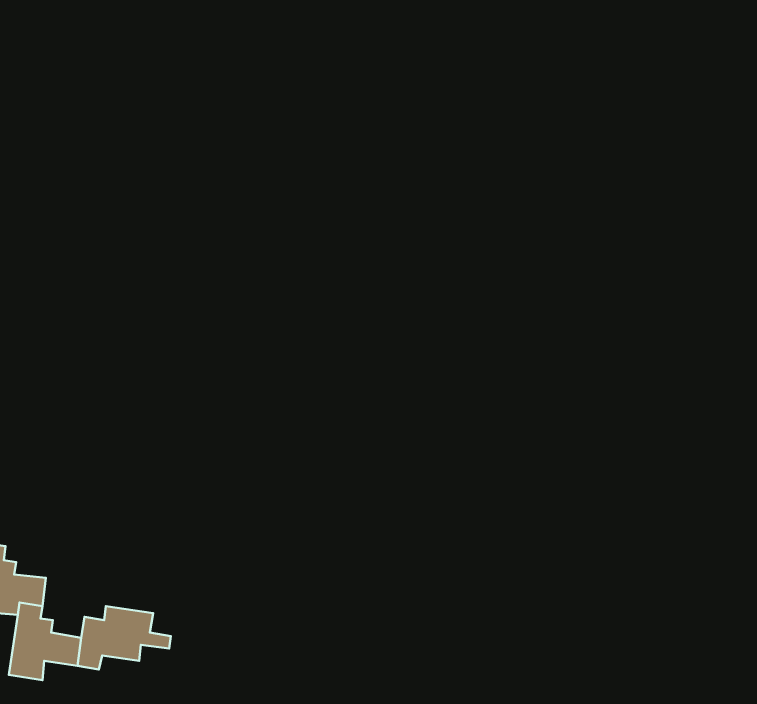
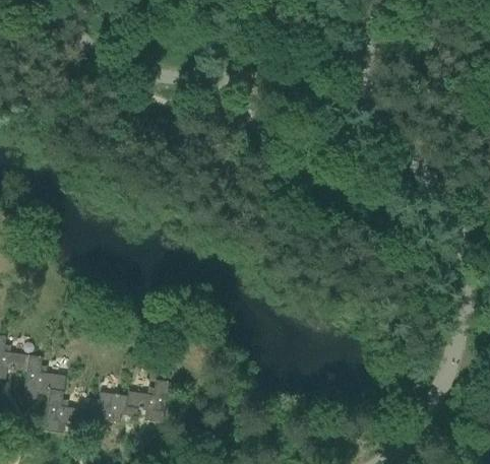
building: none -> [124,380,168,423]

